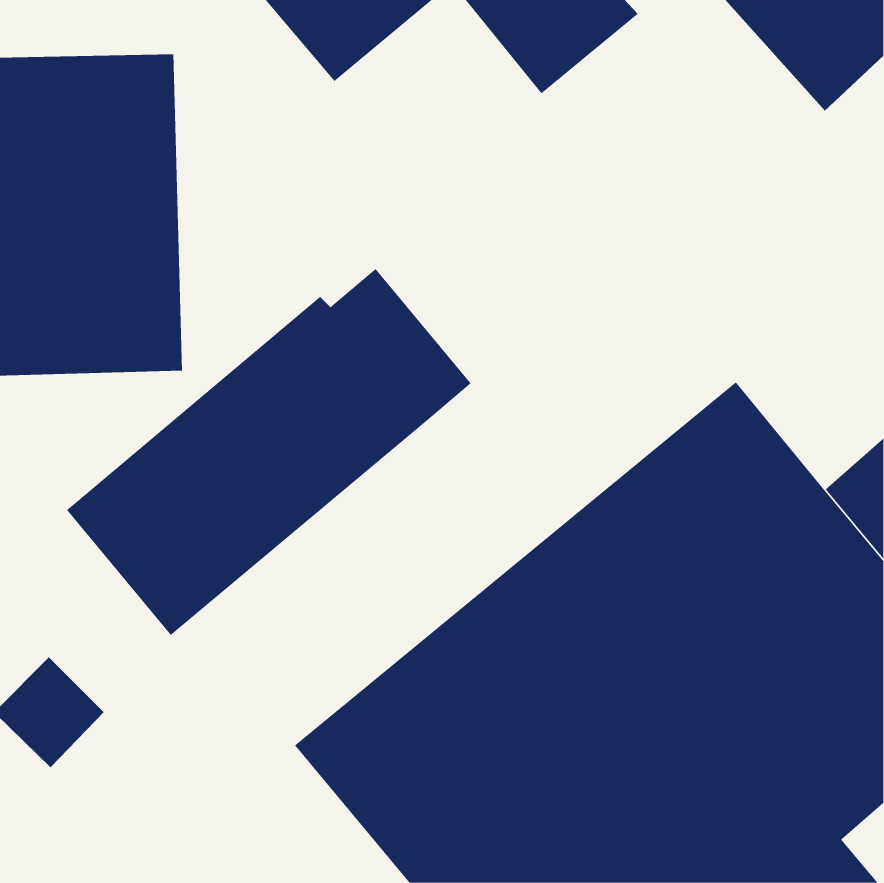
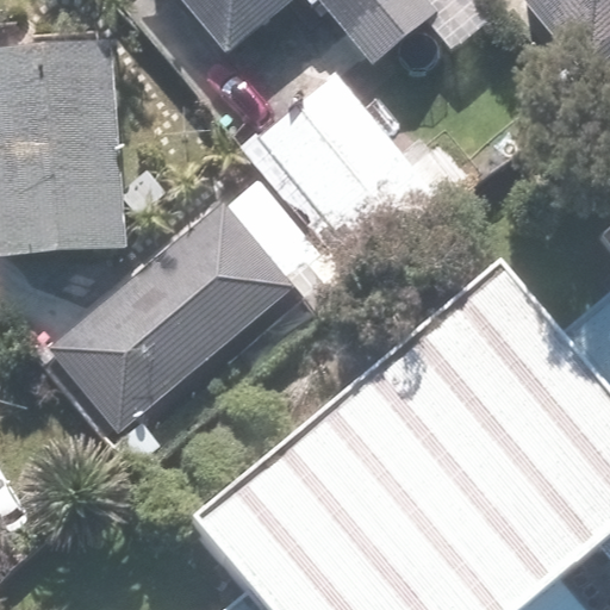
building: none -> [239,70,440,274]

